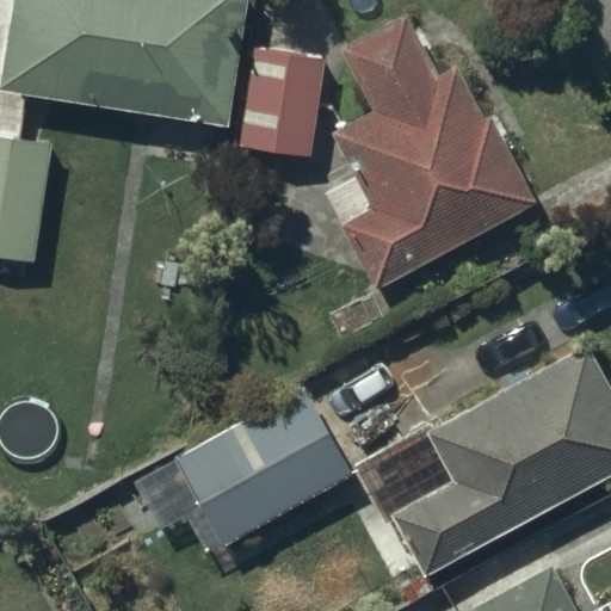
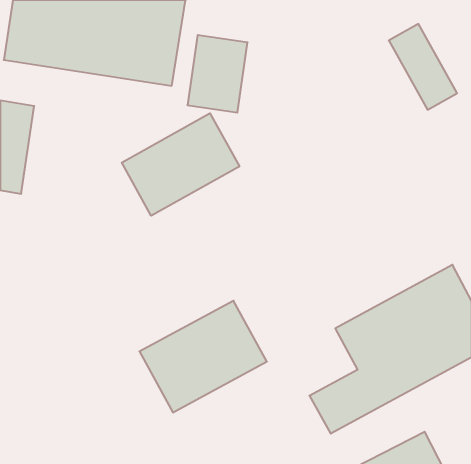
building: [338,21,529,283] -> none
building: none -> [122,113,239,216]

